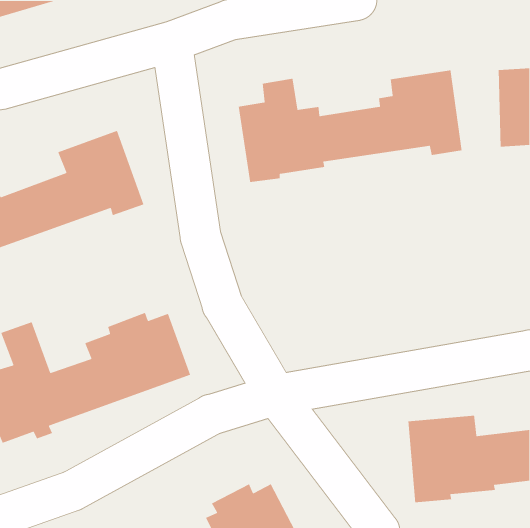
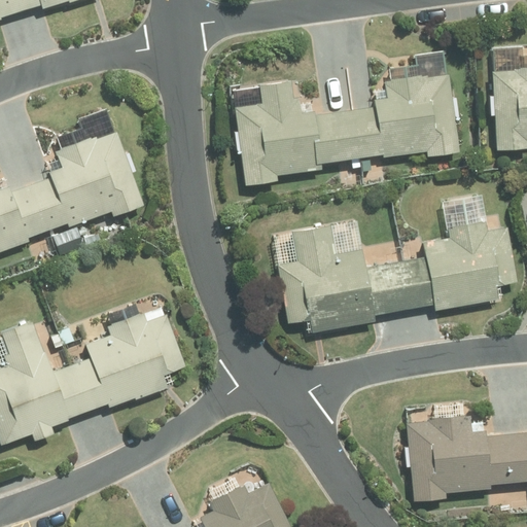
building: none -> [279,220,514,331]

